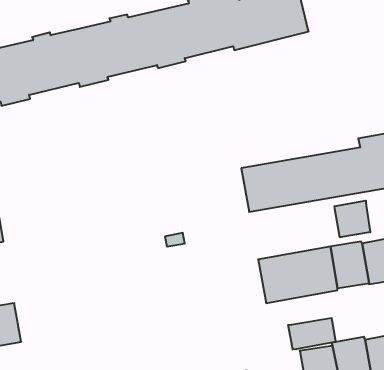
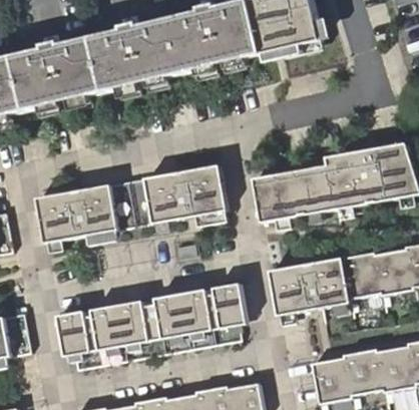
building: none -> [35,164,226,242]
building: [335,201,370,237] -> none
building: none -> [56,283,248,370]
building: [288,318,336,350] -> none

